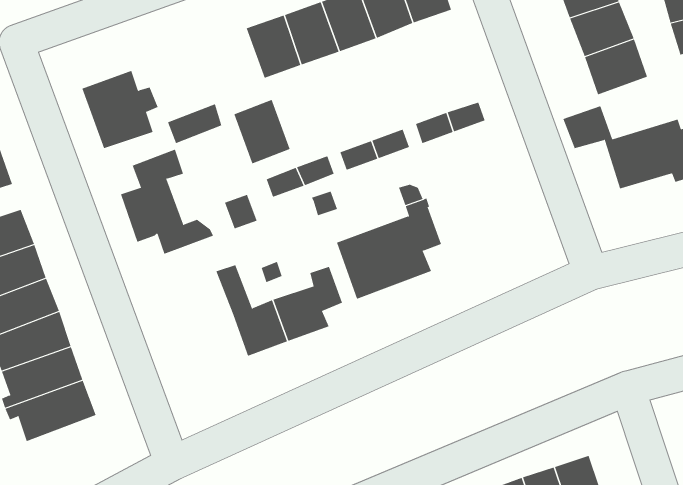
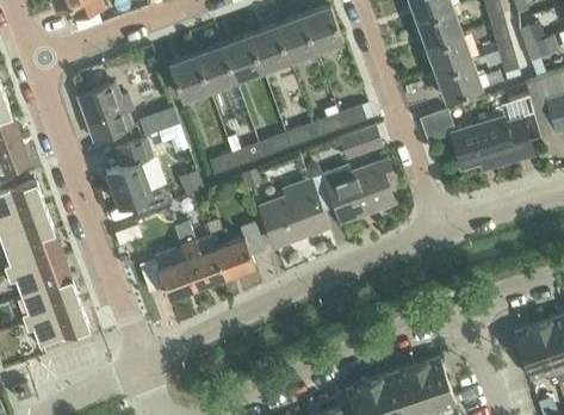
building: [234,99,291,164] -> [168,54,209,100]
building: none -> [340,126,382,159]
building: none -> [326,160,393,222]
building: none -> [138,256,197,298]

